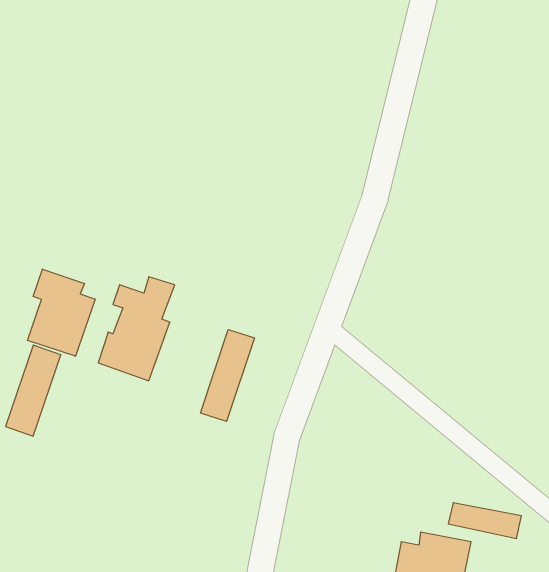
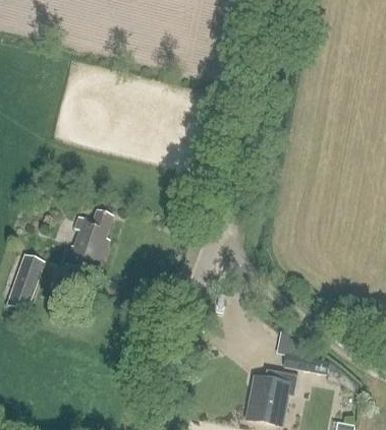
building: [28,269,95,356] -> none
building: [200,330,254,421] -> none

